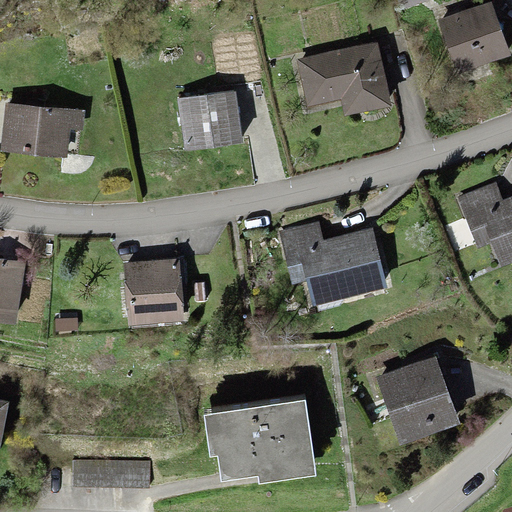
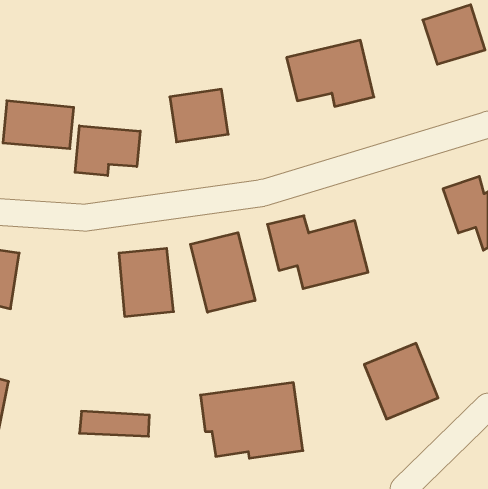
building: none -> [75,126,140,176]
building: none -> [190,233,255,312]
building: [71,461,144,487] -> [79,411,149,436]

